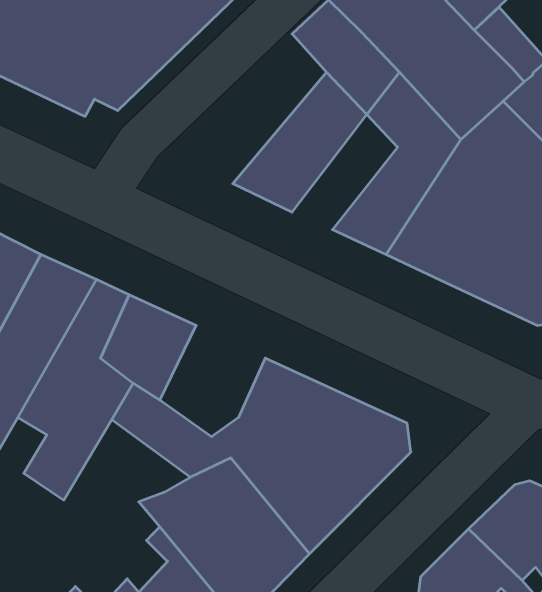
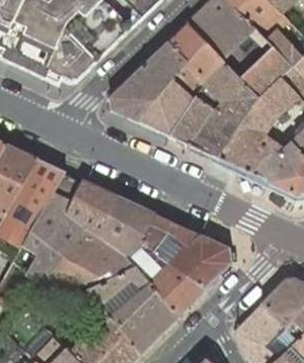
building: none -> [109,41,186,120]
building: none -> [168,84,224,145]
building: none -> [98,195,154,254]
building: none -> [48,245,115,287]

